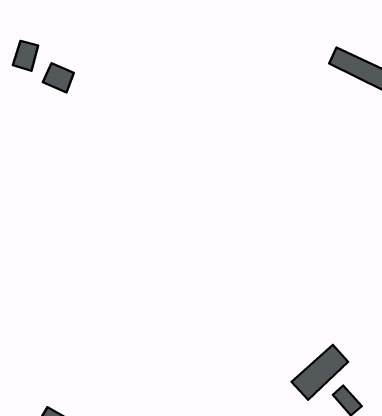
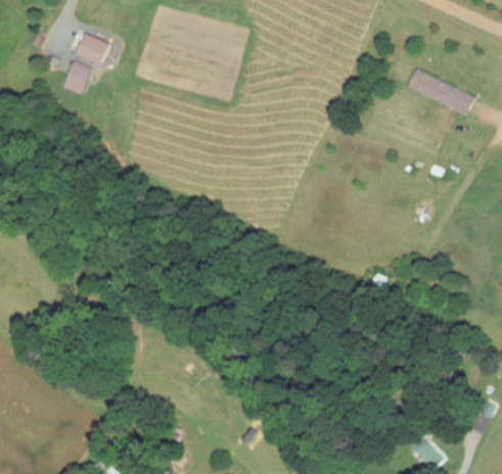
building: [43,63,74,92] -> [77,34,110,65]
building: [292,345,348,400] -> none

